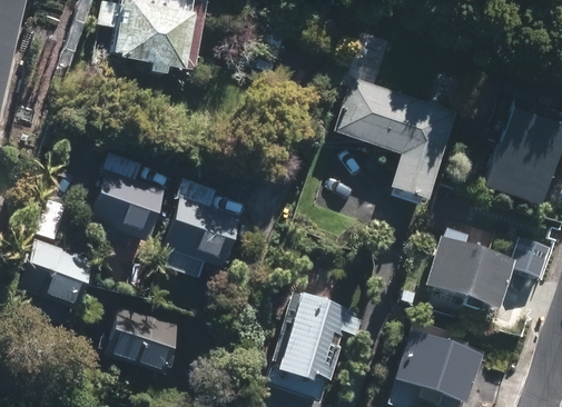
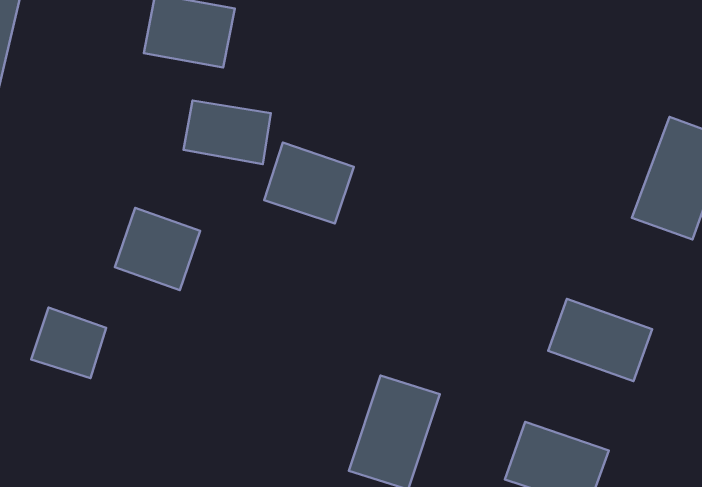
building: [342,80,452,192] -> none
building: none -> [183,101,271,164]
building: [168,199,237,261] -> [264,142,354,223]
building: [111,314,171,363] -> none

